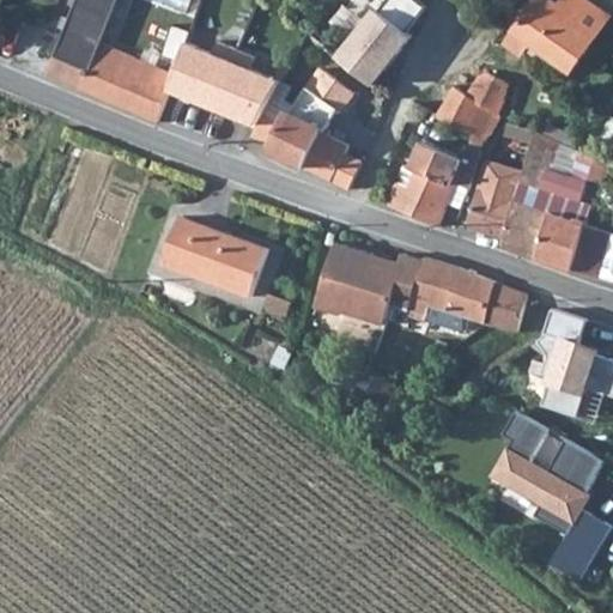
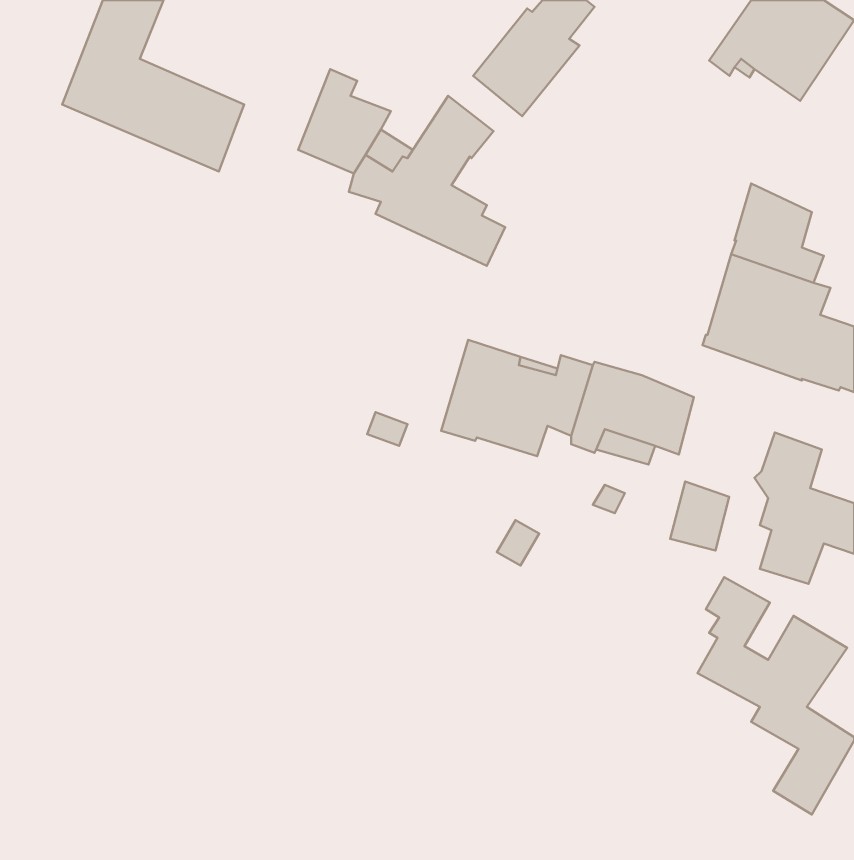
building: [168,41,235,107] -> none
building: [435,72,506,139] -> none
building: [384,141,479,225] -> none
building: [463,160,523,238] -> none
building: [160,216,267,296] -> none
building: [482,283,524,332] -> [670,482,729,551]

